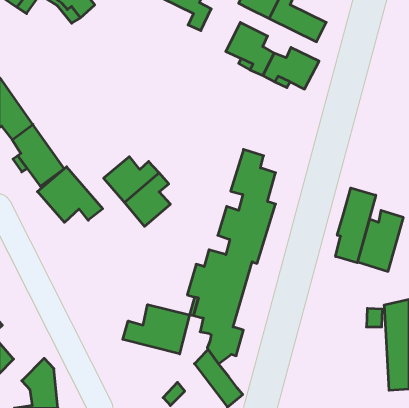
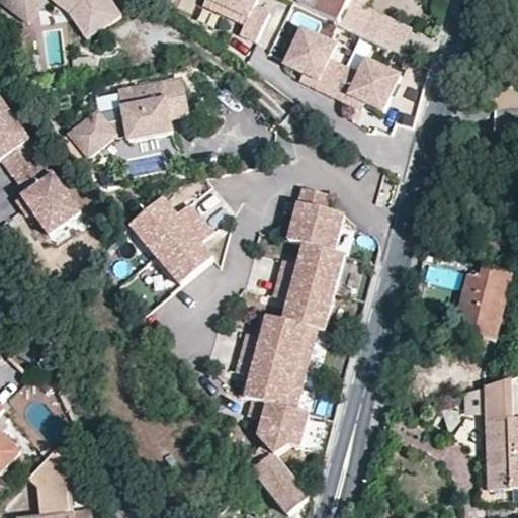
building: none -> [66,73,189,154]
building: [37,167,103,222] -> none
building: [336,188,376,263] -> none
building: [123,305,190,354] -> none

